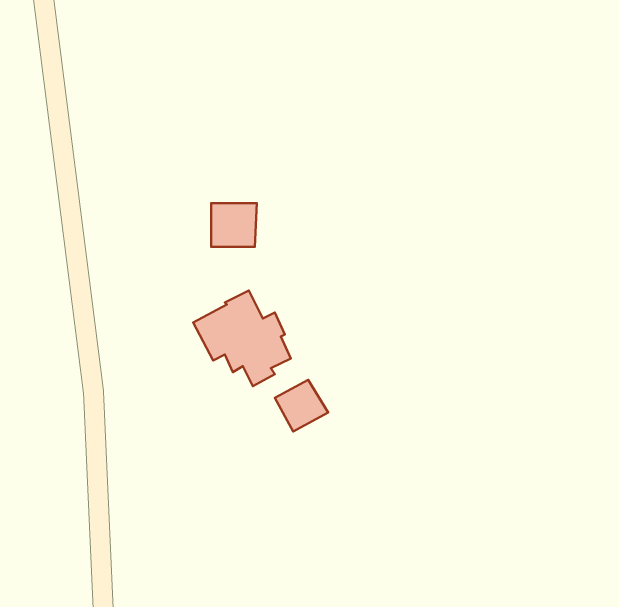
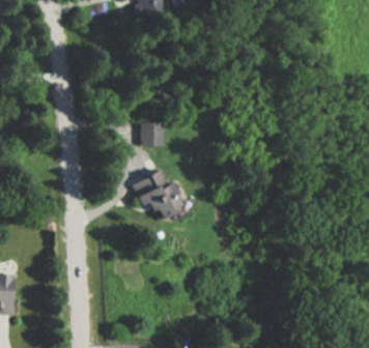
building: [275,380,328,432] -> none

